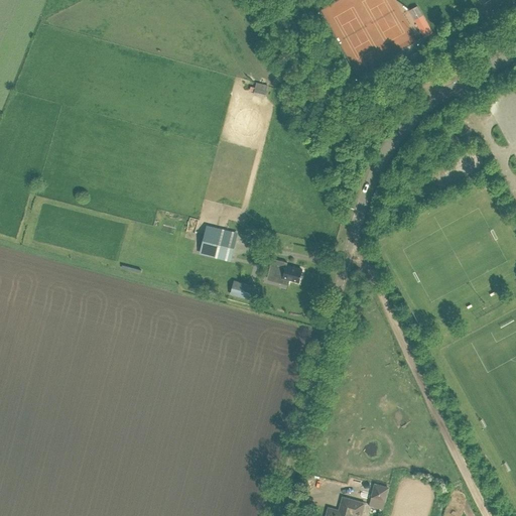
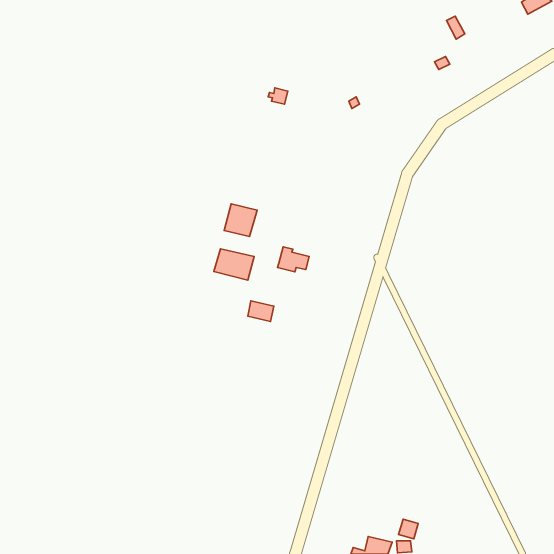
building: none -> [224,204,257,236]
building: [272,259,301,282] -> [278,247,309,272]

